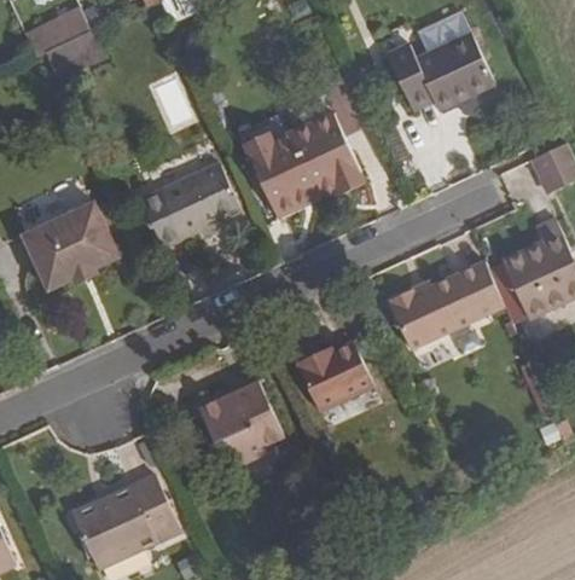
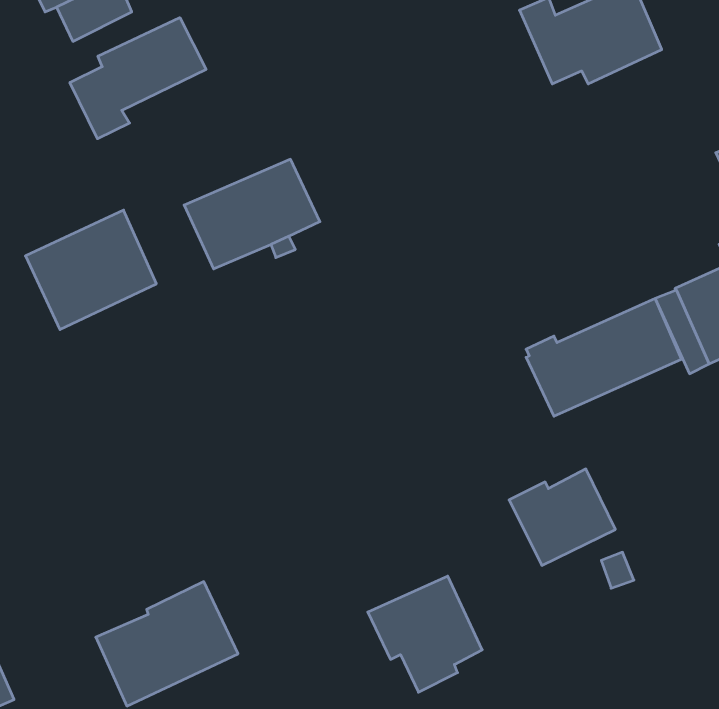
building: none -> [70,18,206,139]
building: [244,97,365,214] -> none
building: [295,340,373,411] -> [509,469,615,565]
building: [198,381,283,466] -> [368,576,482,692]

